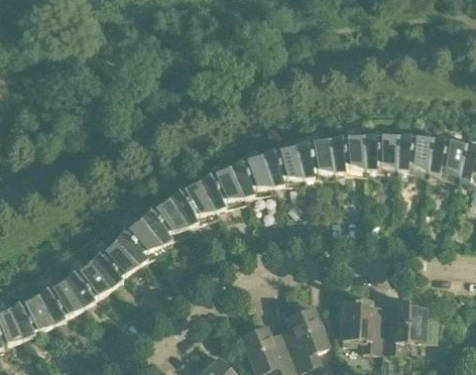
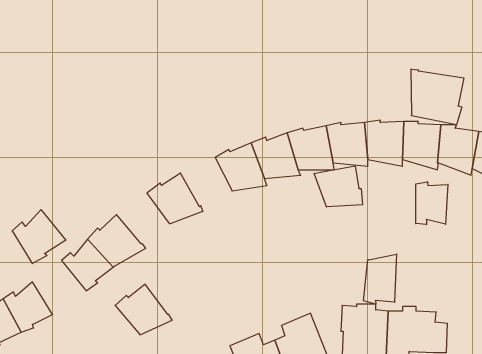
building: none -> [411,69,464,125]
building: [197,165,245,210] -> none
building: none -> [314,166,362,207]
building: none -> [416,182,448,225]
building: [139,198,191,243] -> [115,284,172,335]
building: none -> [363,254,397,304]
building: [64,258,112,306] -> [12,210,66,263]

